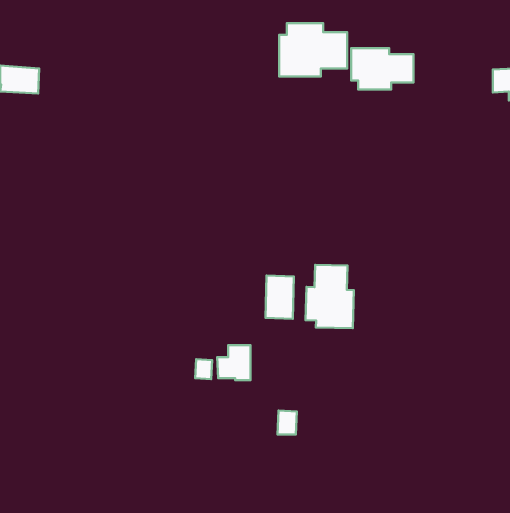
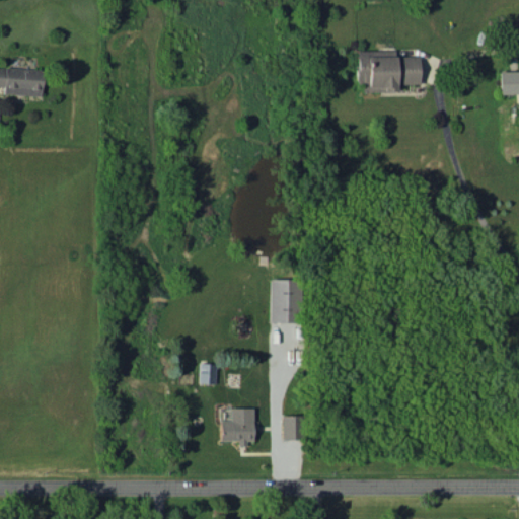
building: [279,23,347,76] -> none
building: [306,265,354,328] -> none
building: [217,345,250,380] -> [222,407,255,443]

